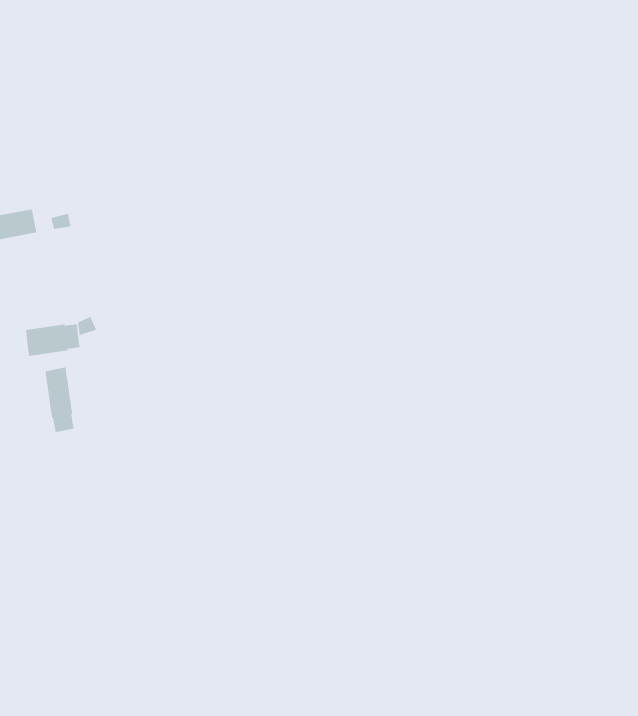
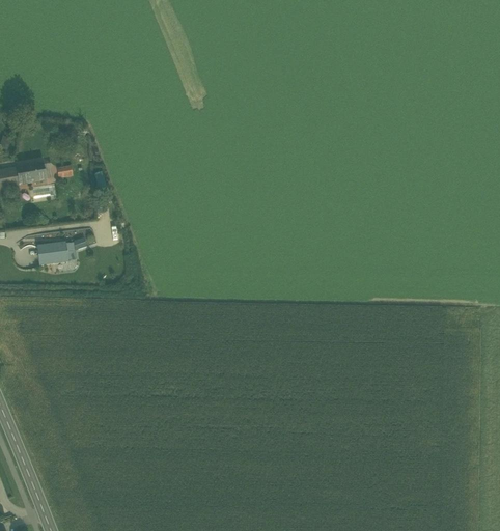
building: [45,367,74,433] -> none

